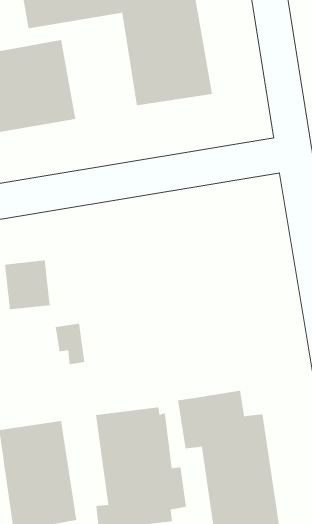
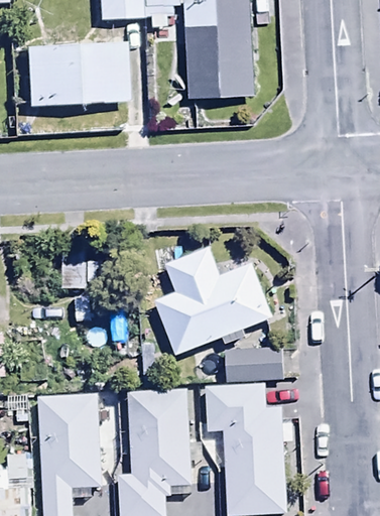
building: none -> [149,245,271,354]
building: none -> [221,347,292,384]

